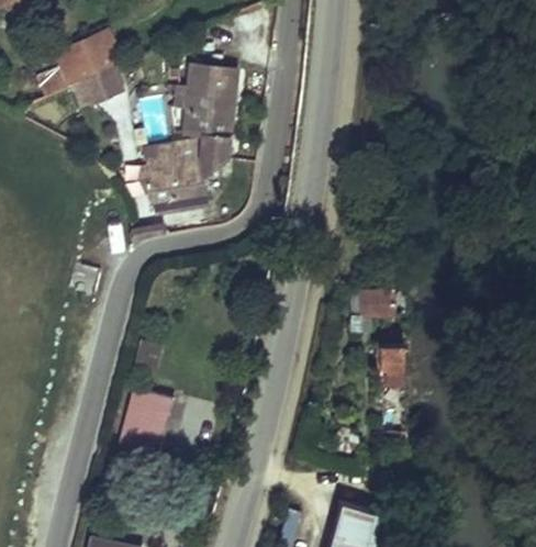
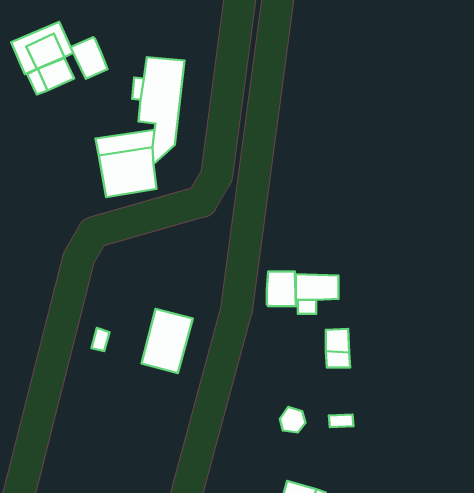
building: none -> [71,37,107,79]
building: none -> [267,271,296,306]
building: [120,389,172,455] -> [142,309,193,373]

